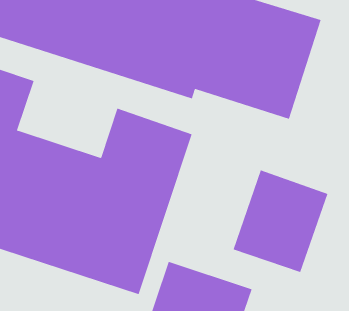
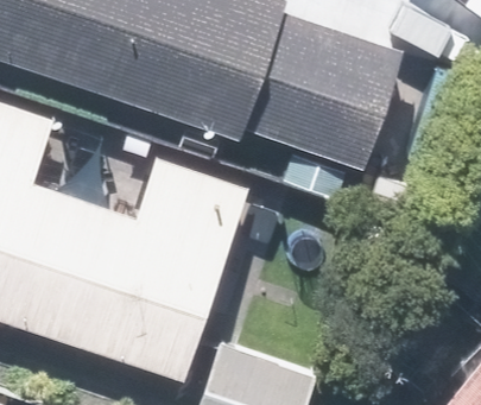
building: [233,169,328,273] -> none

